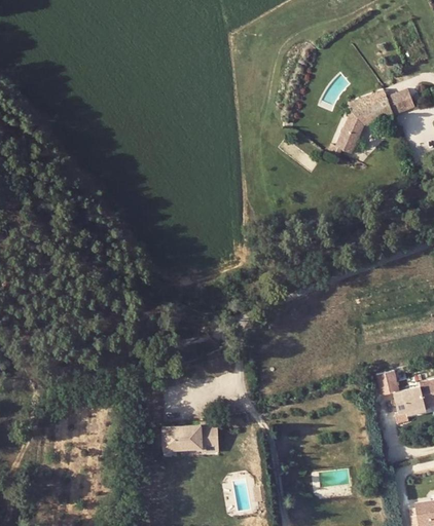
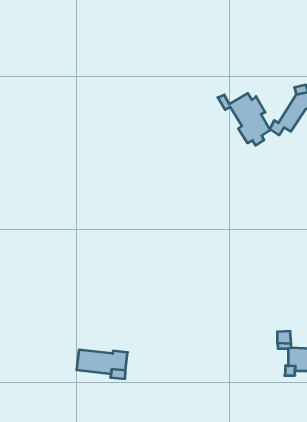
building: none -> [218,93,270,145]

